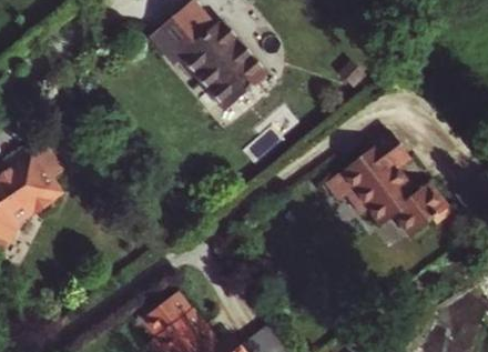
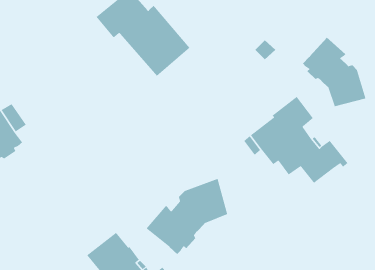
building: none -> [302,37,367,107]
building: none -> [146,178,228,255]

